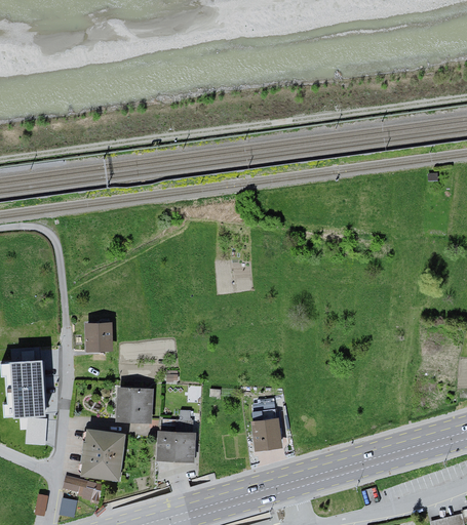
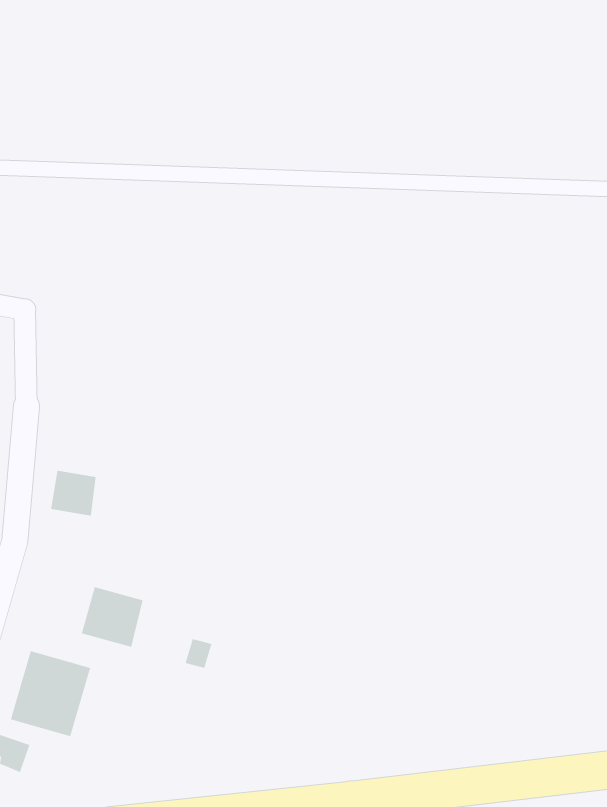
building: [254,422,281,450] -> none
building: [158,432,192,458] -> none

